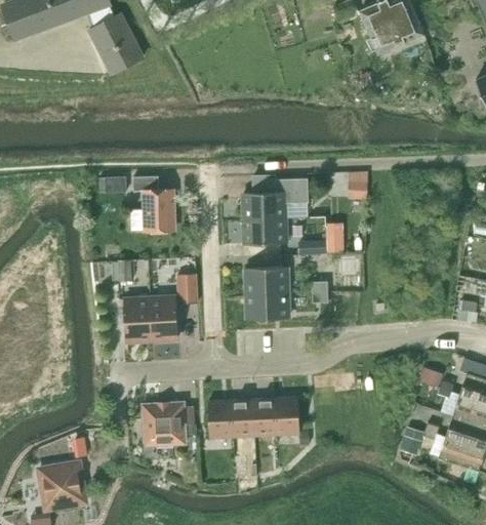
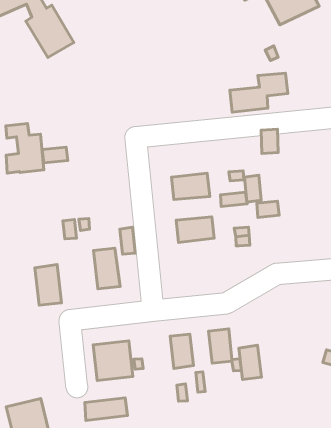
building: [130,175,172,231] -> [6,123,44,173]
building: [242,177,308,218] -> [230,73,288,112]
building: [246,291,287,319] -> none
building: [123,296,151,341] -> [35,265,62,305]
building: [252,397,276,435] -> [239,345,261,379]
building: [207,400,232,438] -> none
building: none -> [85,398,128,420]

